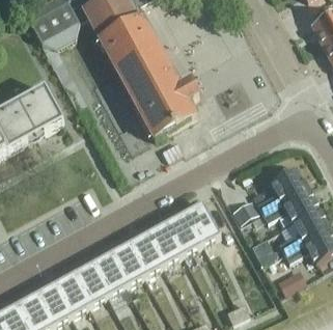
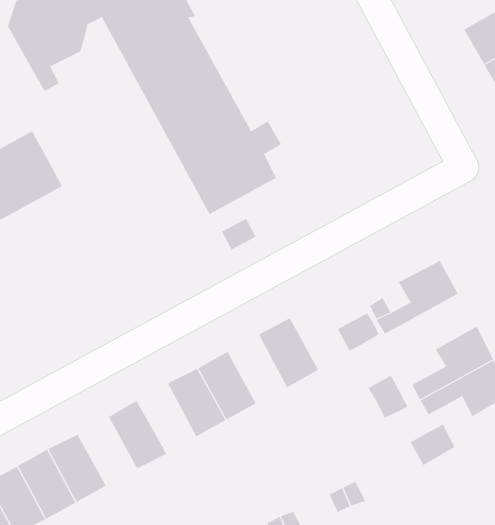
building: [260,187,317,221] -> none
building: [164,212,200,254] -> none
building: [108,242,144,285] -> none
building: [72,263,108,305] -> none

